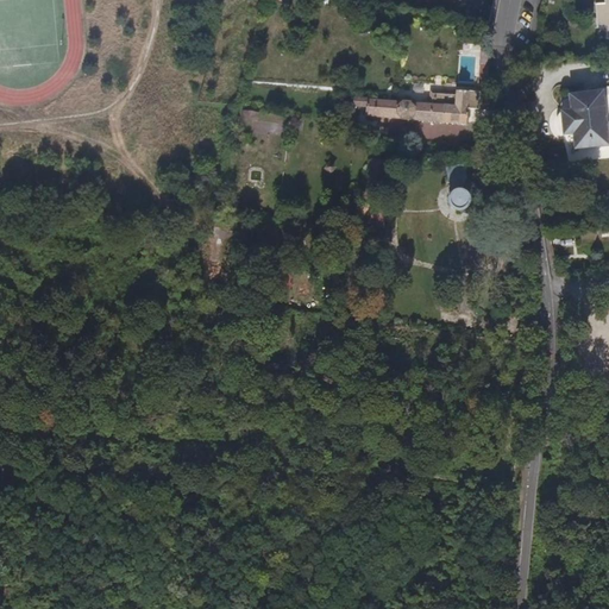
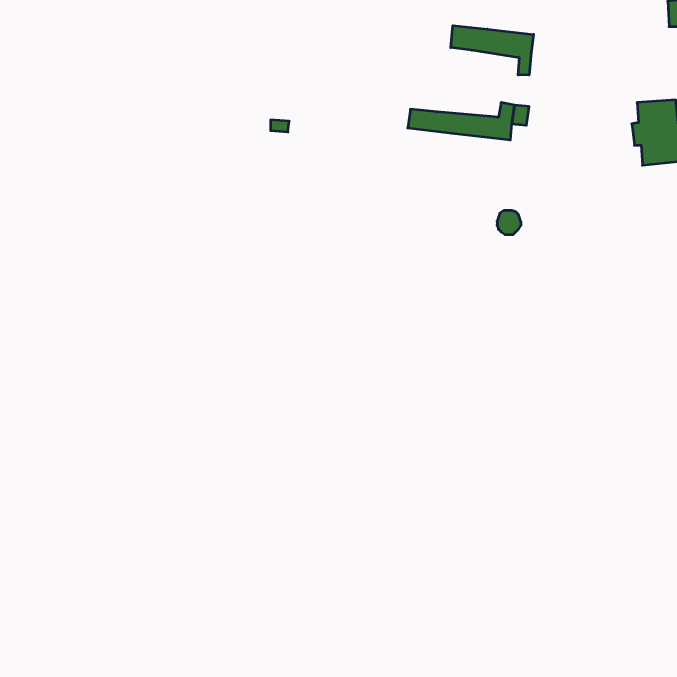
building: none -> [451,26,534,75]

